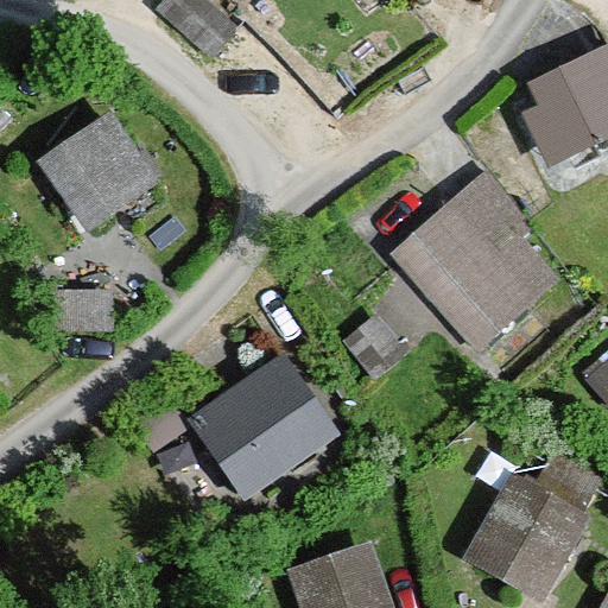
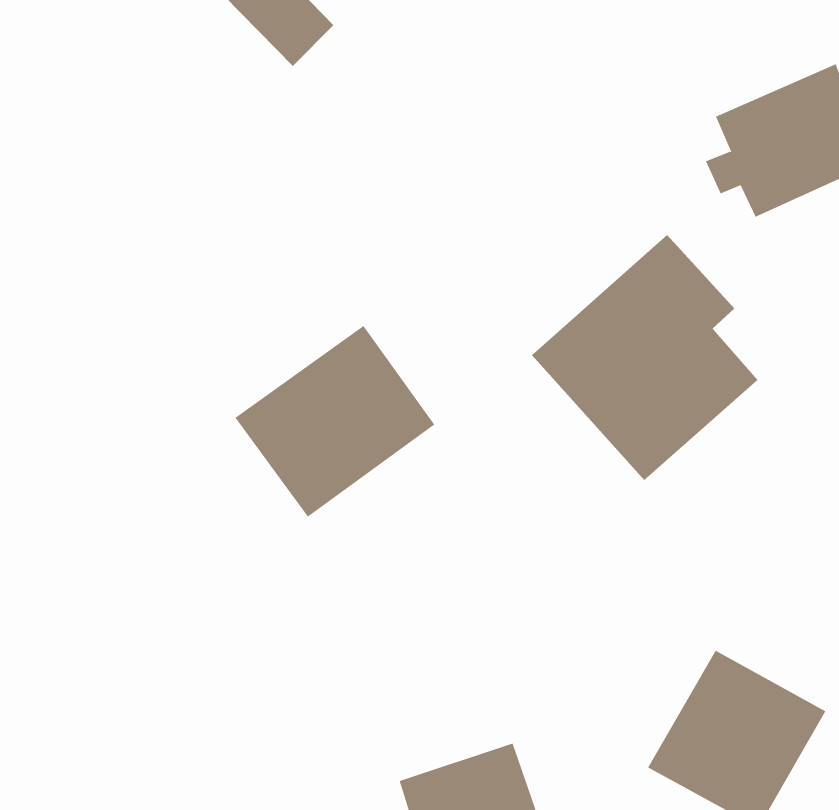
building: [21,118,145,236] -> none
building: [200,359,343,496] -> [235,325,435,517]

